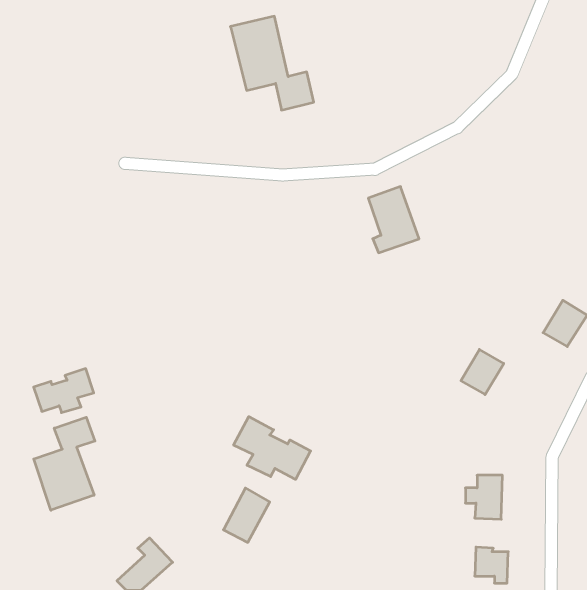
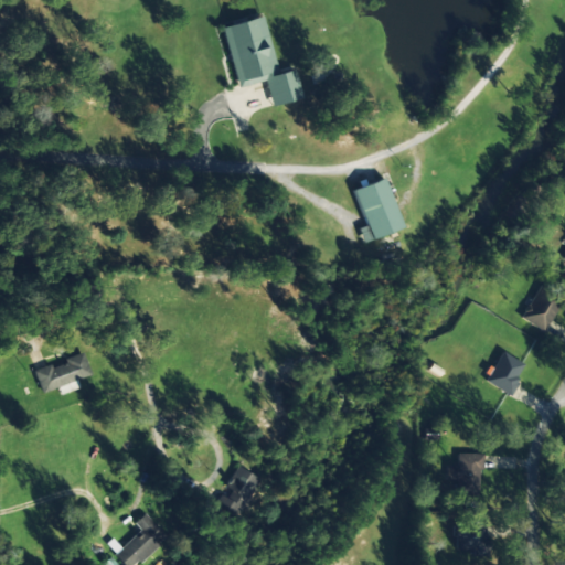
building: [461,349,504,395] -> [487,351,527,394]
building: [234,417,311,479] -> none
building: [34,417,95,510] -> none

